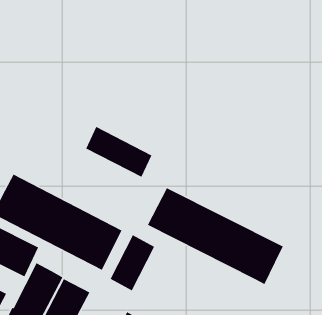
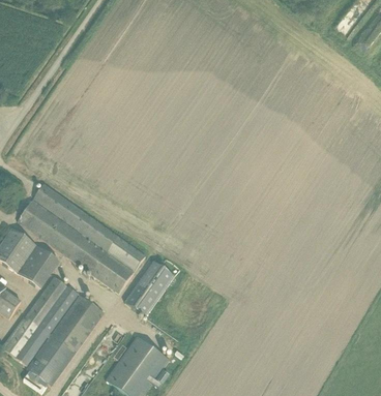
building: [85,126,152,178] -> none
building: [147,187,284,285] -> none

